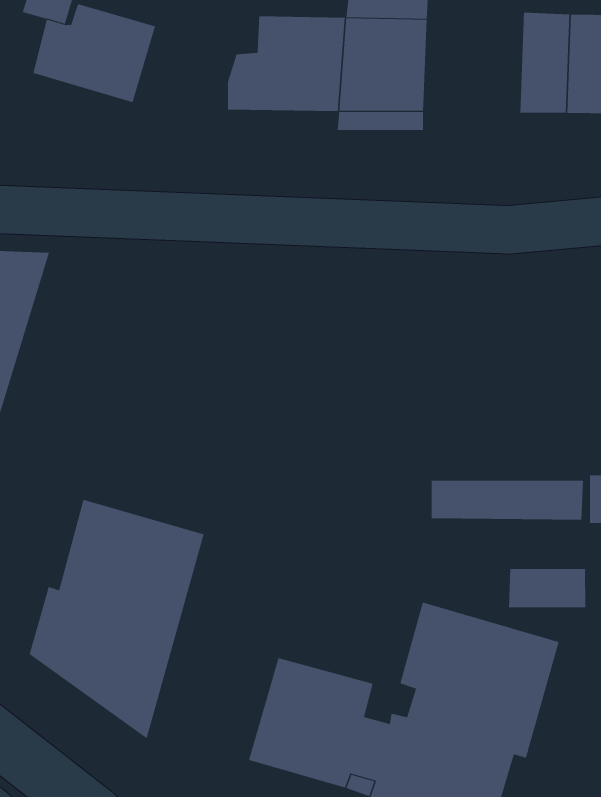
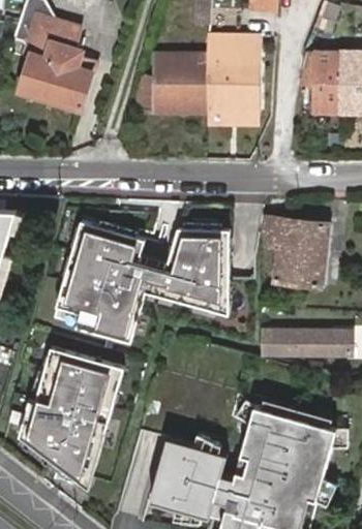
building: none -> [55,217,228,340]
building: none -> [263,217,327,286]
building: [509,568,586,608] -> none

